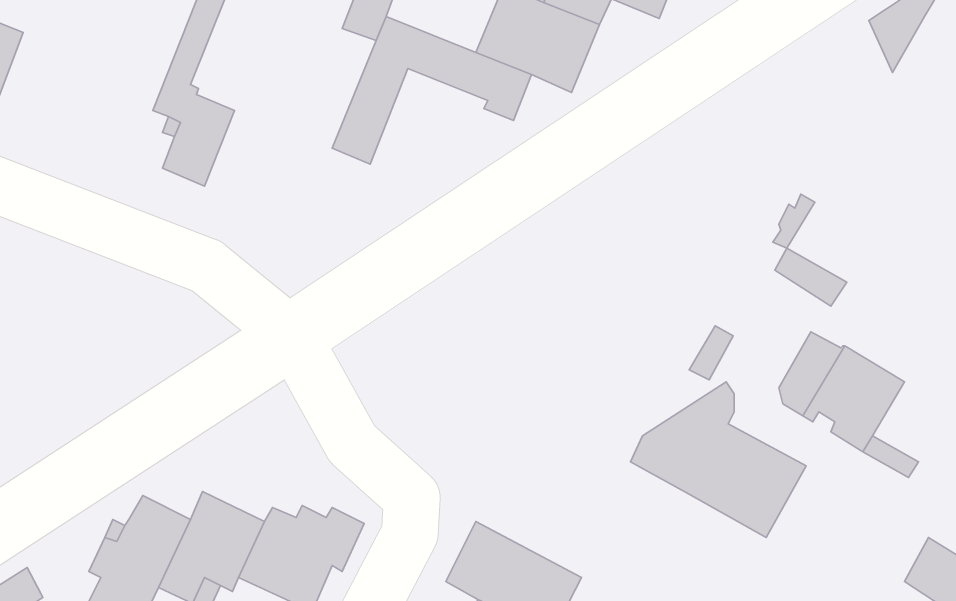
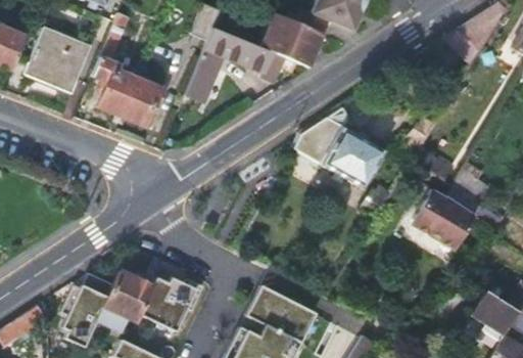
building: none -> [25,27,91,94]
building: none -> [121,76,167,125]
building: [631,382,806,538] -> [292,107,382,187]

